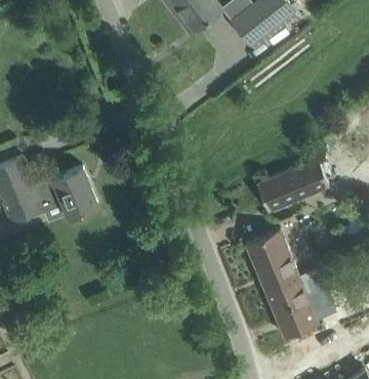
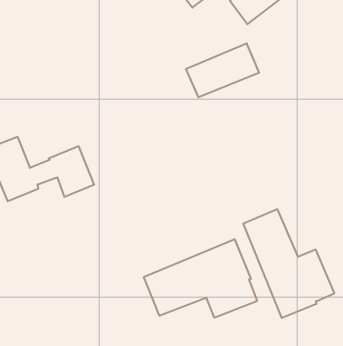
building: [256,160,329,213] -> [186,43,259,97]
building: none -> [144,239,257,318]

